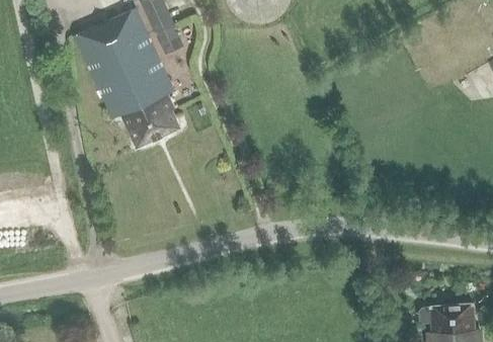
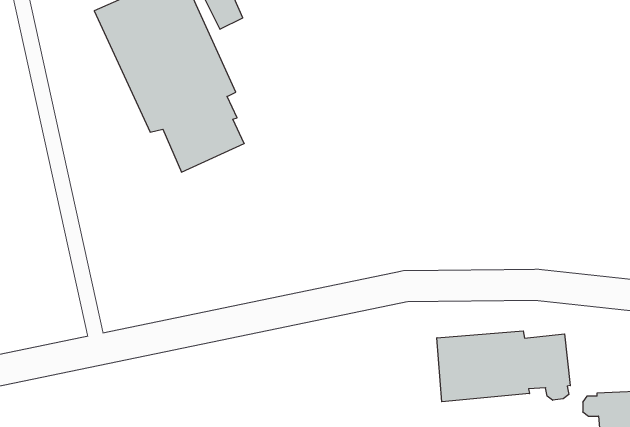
building: none -> [437,331,570,402]

